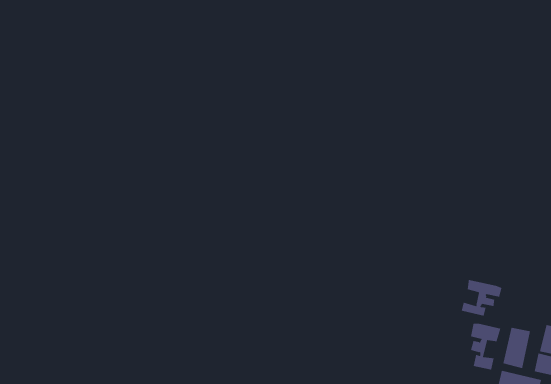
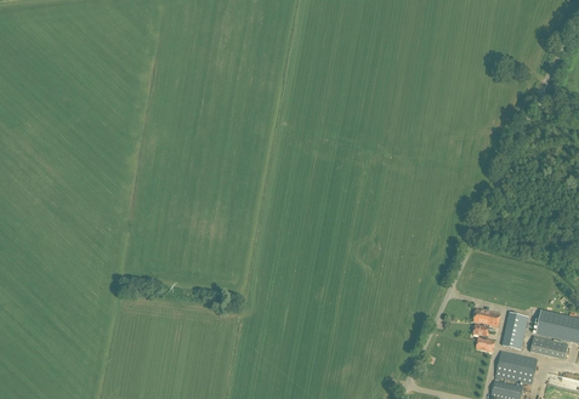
building: [461,279,502,317] -> none

